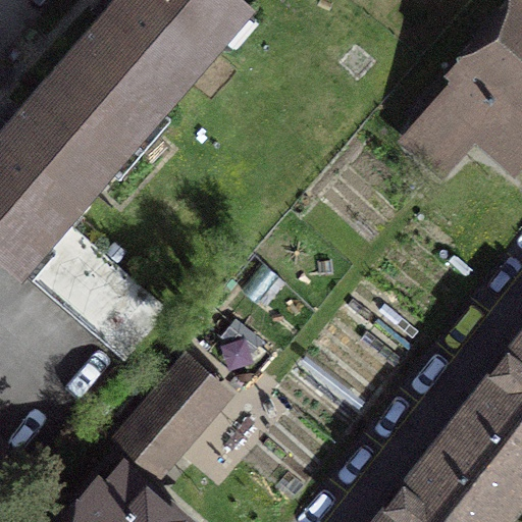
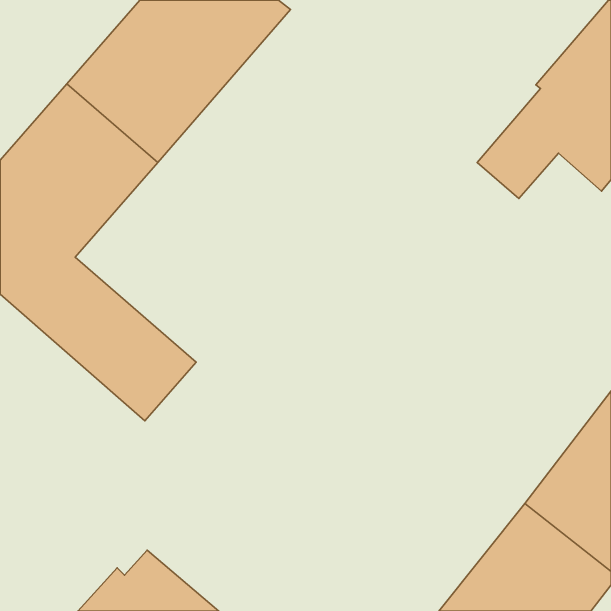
building: [119,359,225,470] -> none

